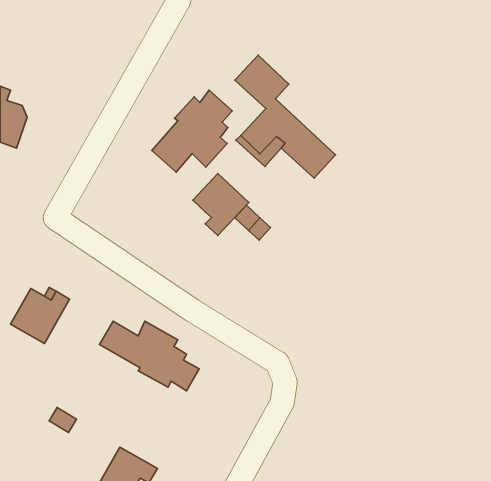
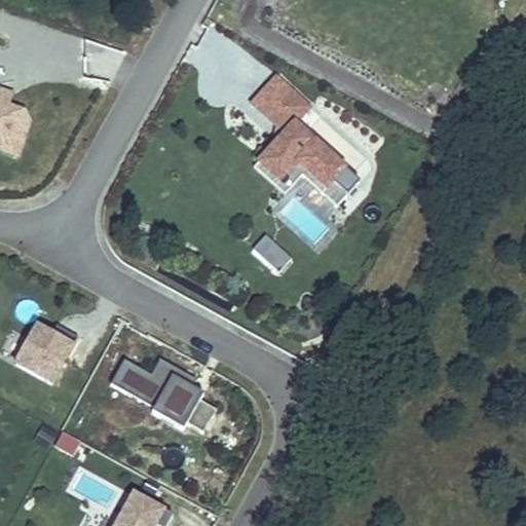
building: [152,90,232,172] -> none
building: [193,173,249,236] -> none

